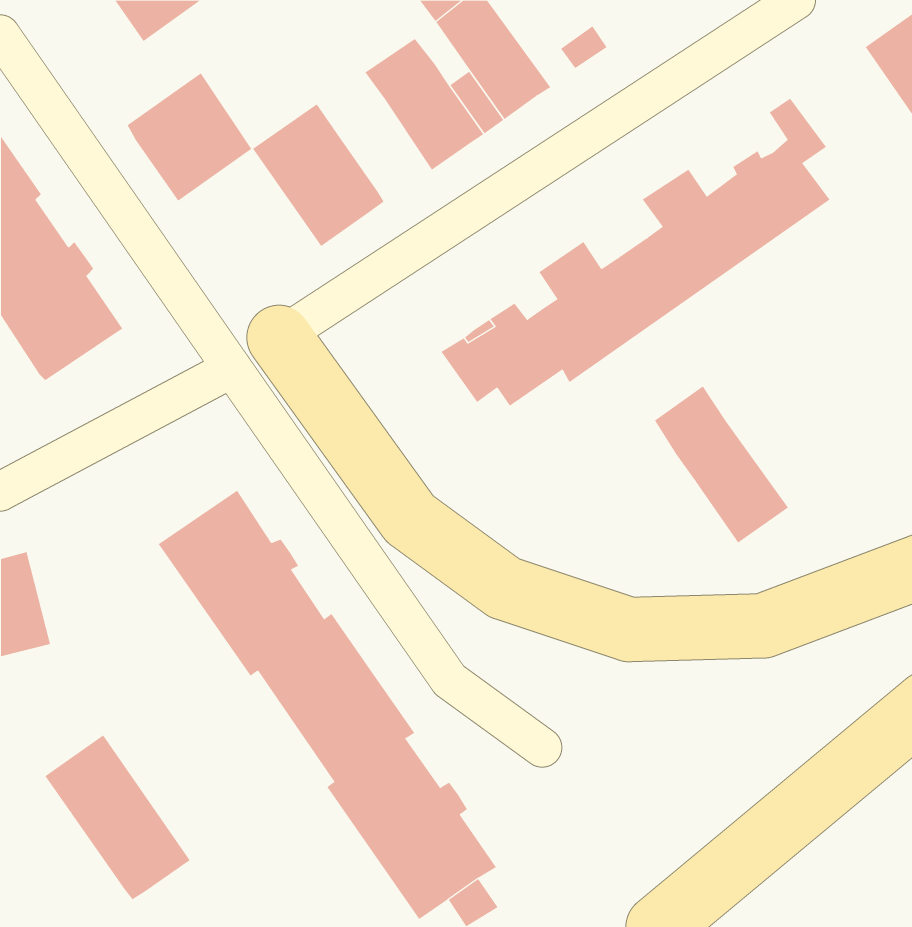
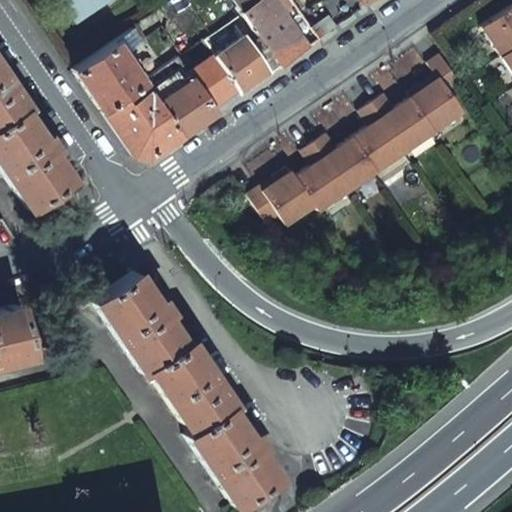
building: none -> [194,55,242,106]
building: none -> [106,82,185,158]
building: [654,385,789,544] -> none
building: [44,734,191,900] -> none

